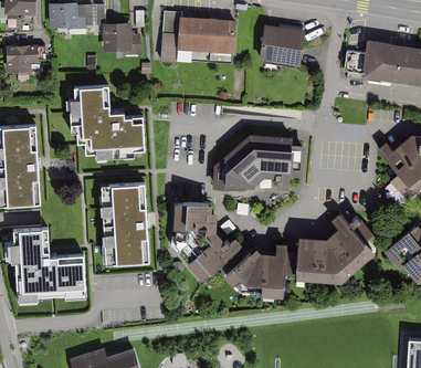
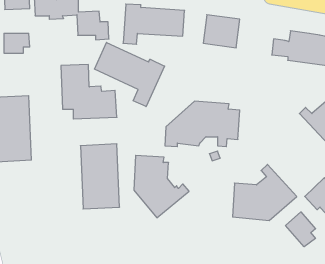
building: none -> [94,42,165,107]
building: [20,228,90,298] -> none
building: [224,241,285,292] -> none
building: none -> [286,212,316,247]

